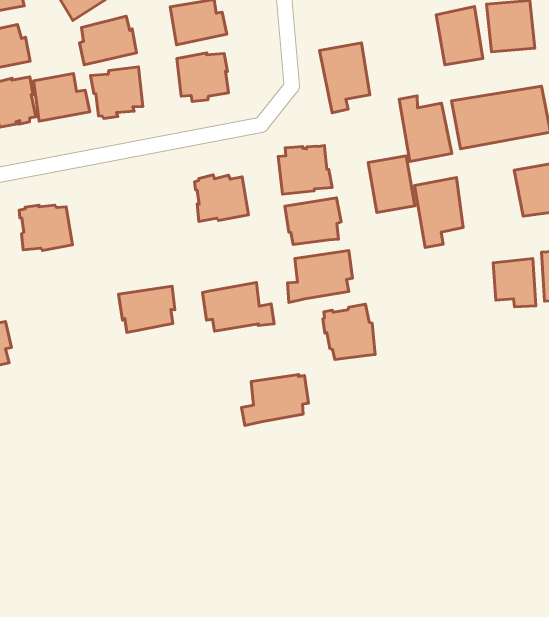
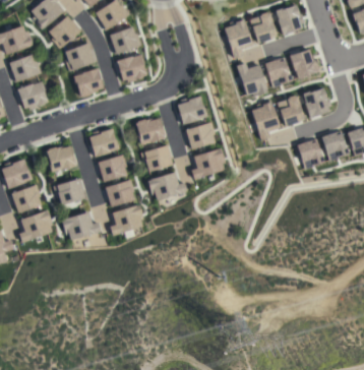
building: [319,43,370,113] -> [223,20,252,59]
building: [34,74,90,121] -> none
building: [368,156,415,212] -> [277,96,304,127]
building: none -> [88,128,119,158]
building: none -> [140,144,173,172]
building: none -> [97,155,127,182]
building: none -> [53,178,85,205]
building: [323,304,375,359] -> none
building: none -> [61,211,101,240]
building: [242,375,308,426] -> [109,205,143,236]

